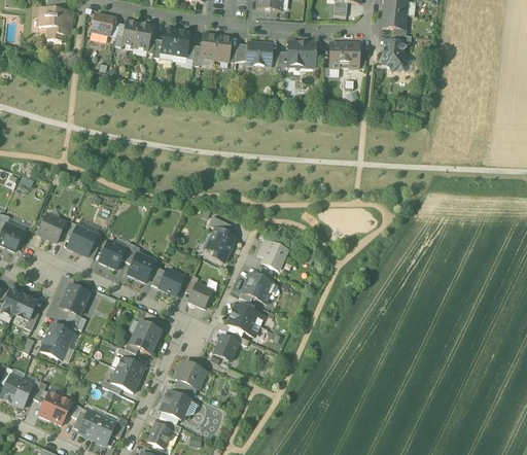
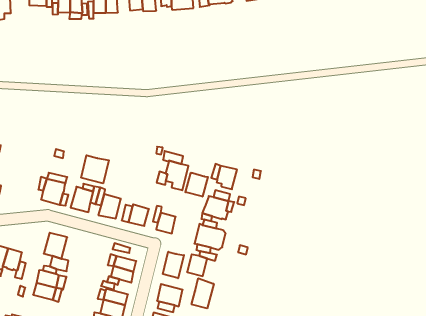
building: none -> [81,155,109,183]
building: [37,213,65,242] -> none
building: none -> [185,173,208,197]
building: none -> [163,252,184,278]
building: none -> [192,278,214,308]

